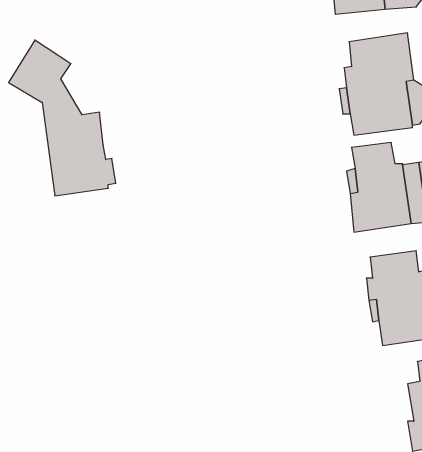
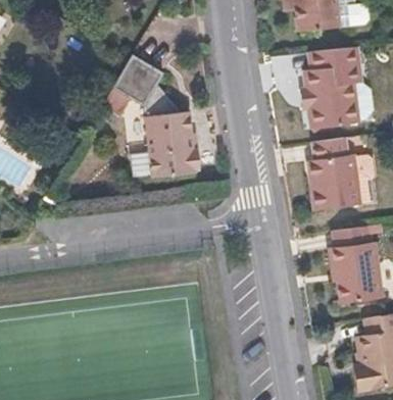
building: [9,40,116,196] -> [114,52,202,180]

